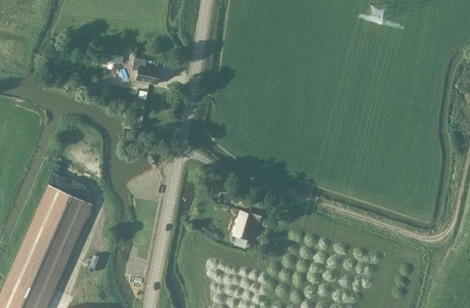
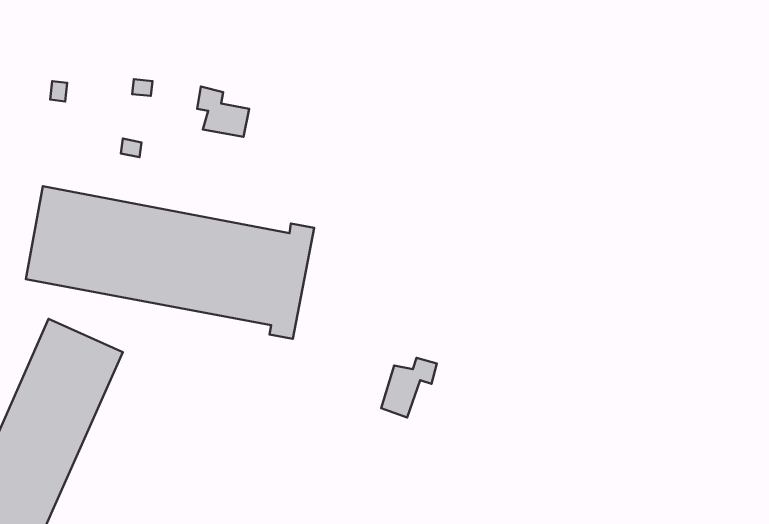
building: none -> [26,186,314,339]

